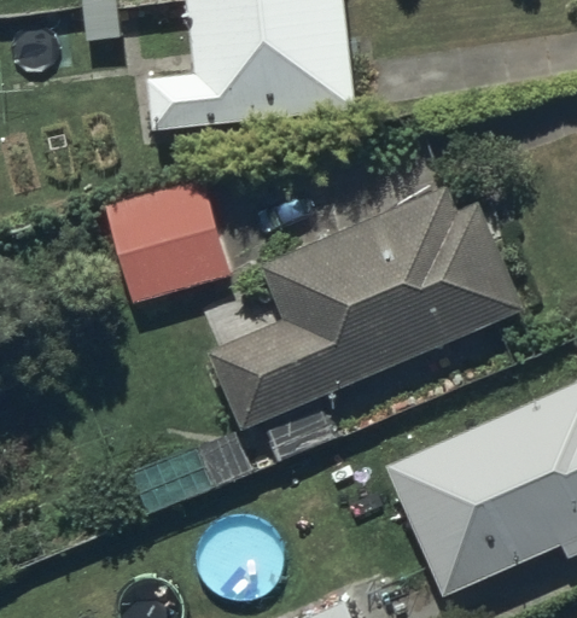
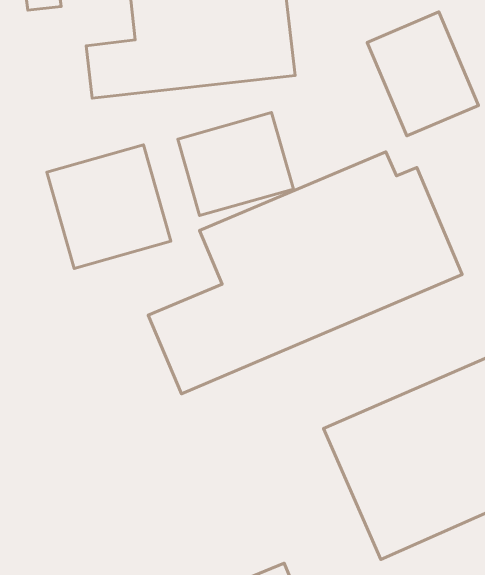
building: none -> [367,12,479,136]
building: none -> [178,113,293,216]

